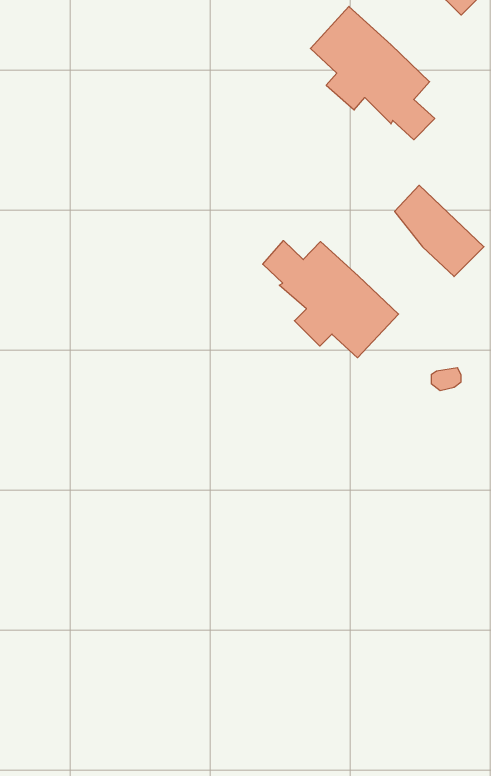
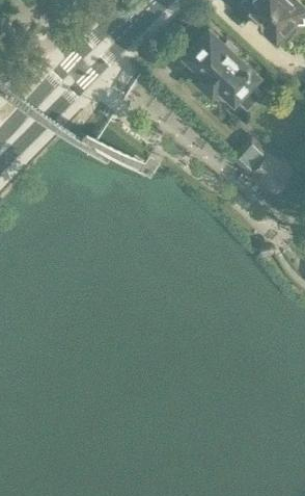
building: [263,241,399,358] -> none

